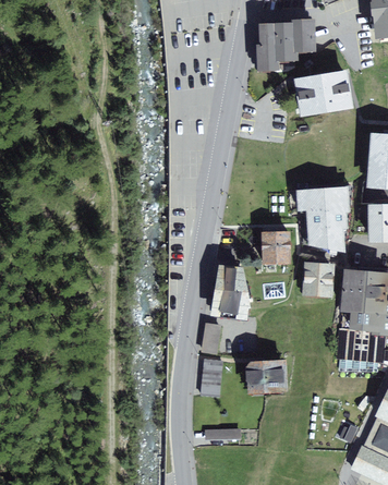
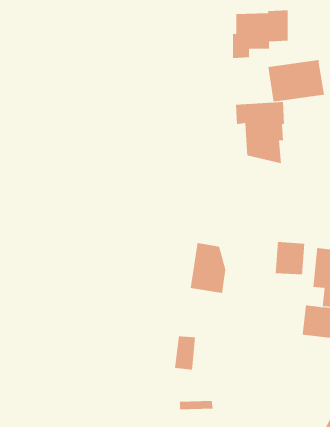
building: [298,187,350,253] -> [235,102,285,164]
building: [263,231,291,263] -> none
building: [199,323,219,355] -> none
building: [248,359,290,392] -> none

